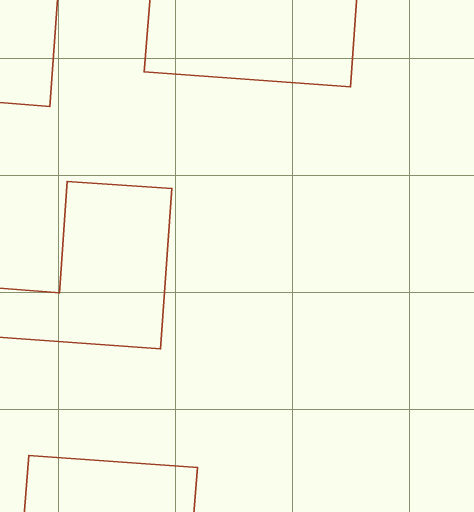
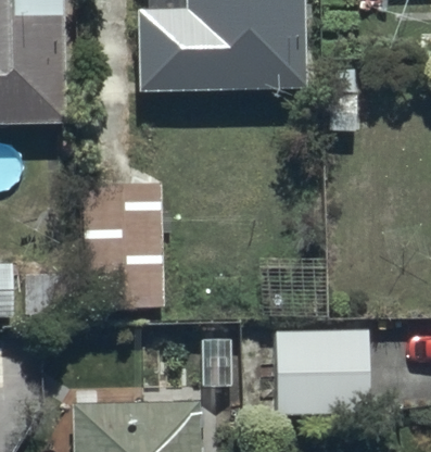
building: none -> [276,327,372,414]

